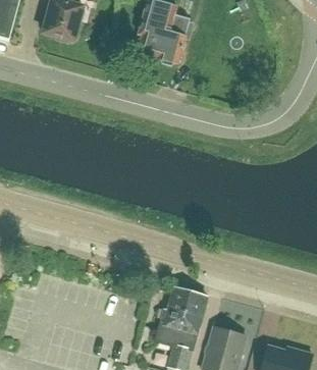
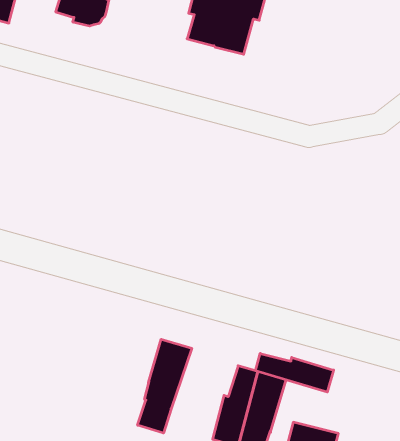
building: none -> [138,339,192,433]
building: none -> [256,353,334,392]

